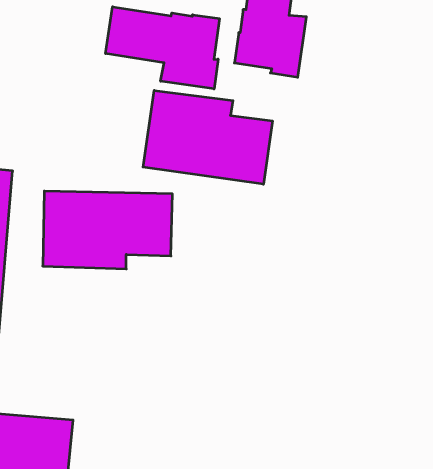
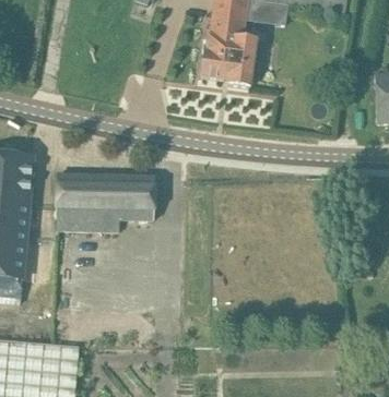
building: [106,7,219,89] -> none
building: [143,90,272,184] -> none

